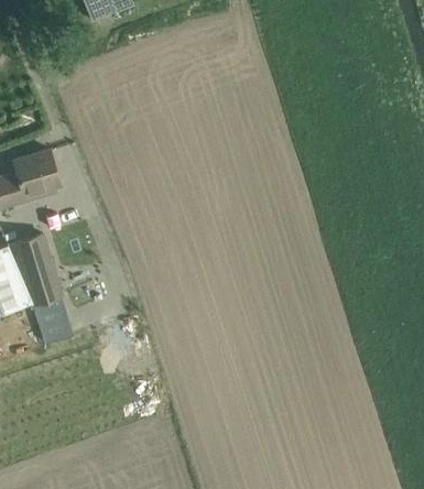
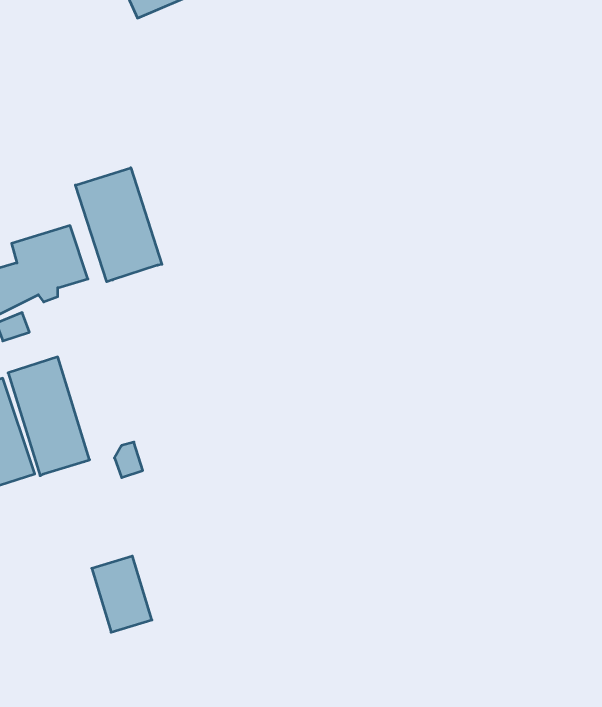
building: none -> [75,168,162,282]
building: [33,297,70,345] -> [92,556,152,632]

